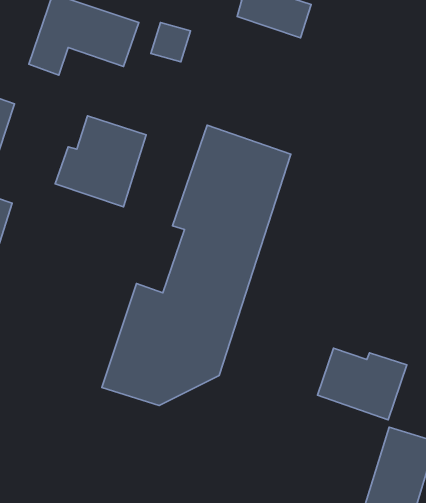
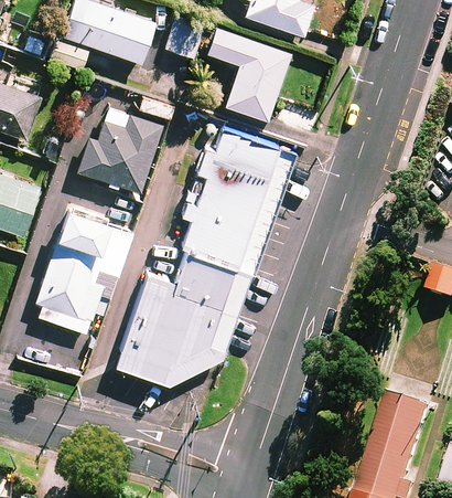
building: none -> [206,28,289,120]
building: none -> [31,205,131,333]
building: [318,348,407,420] -> none

